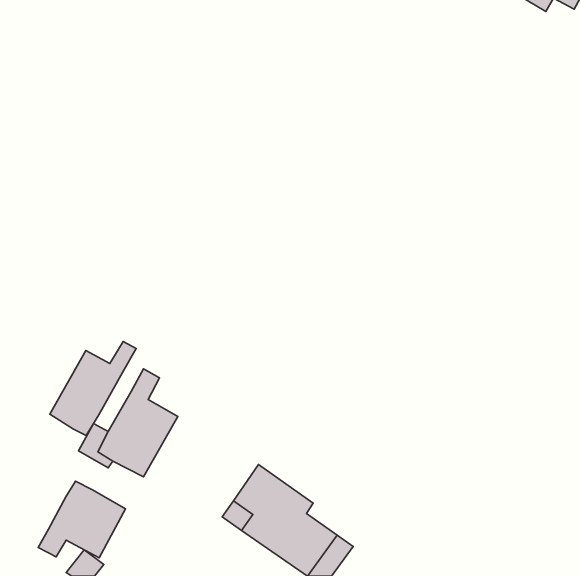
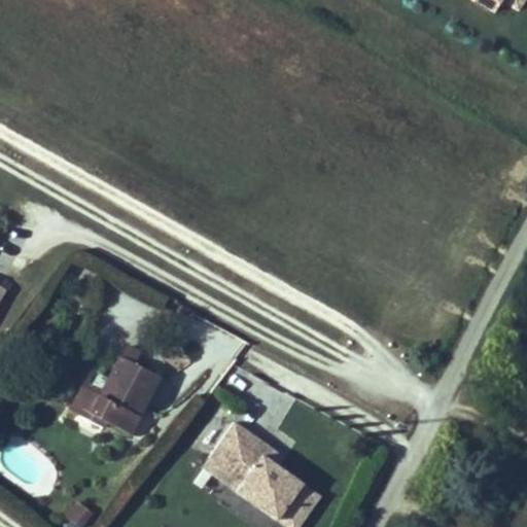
building: [50,341,136,435] -> none
building: [38,481,126,558] -> none

